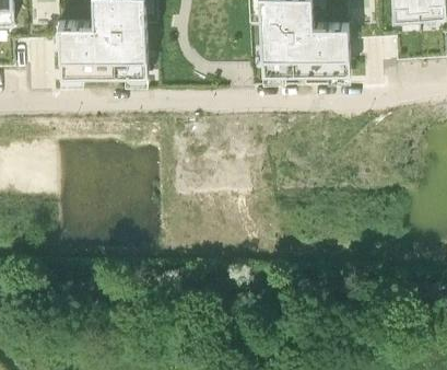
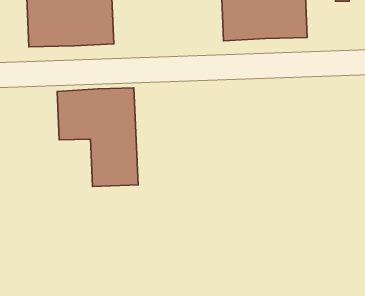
building: none -> [57,88,138,187]

